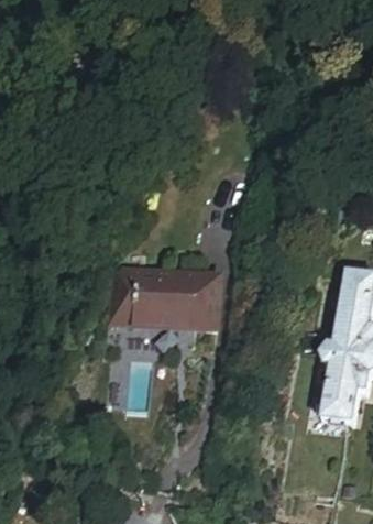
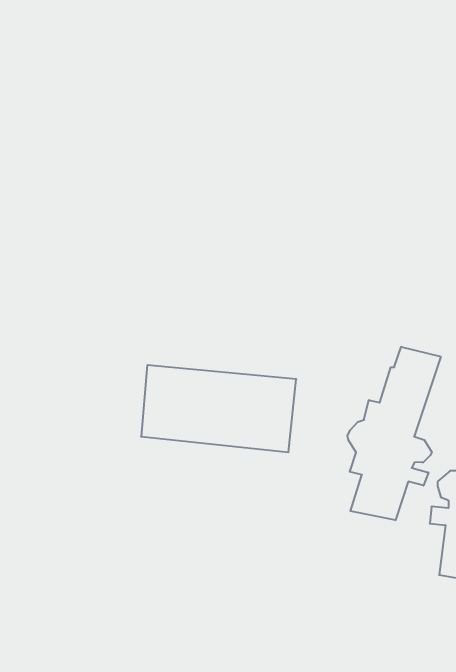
building: none -> [347,347,441,520]

